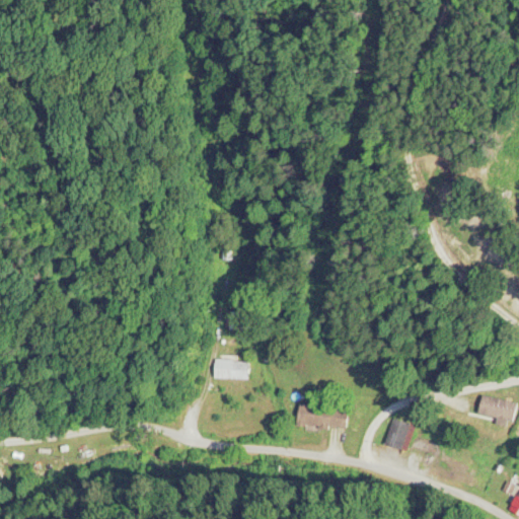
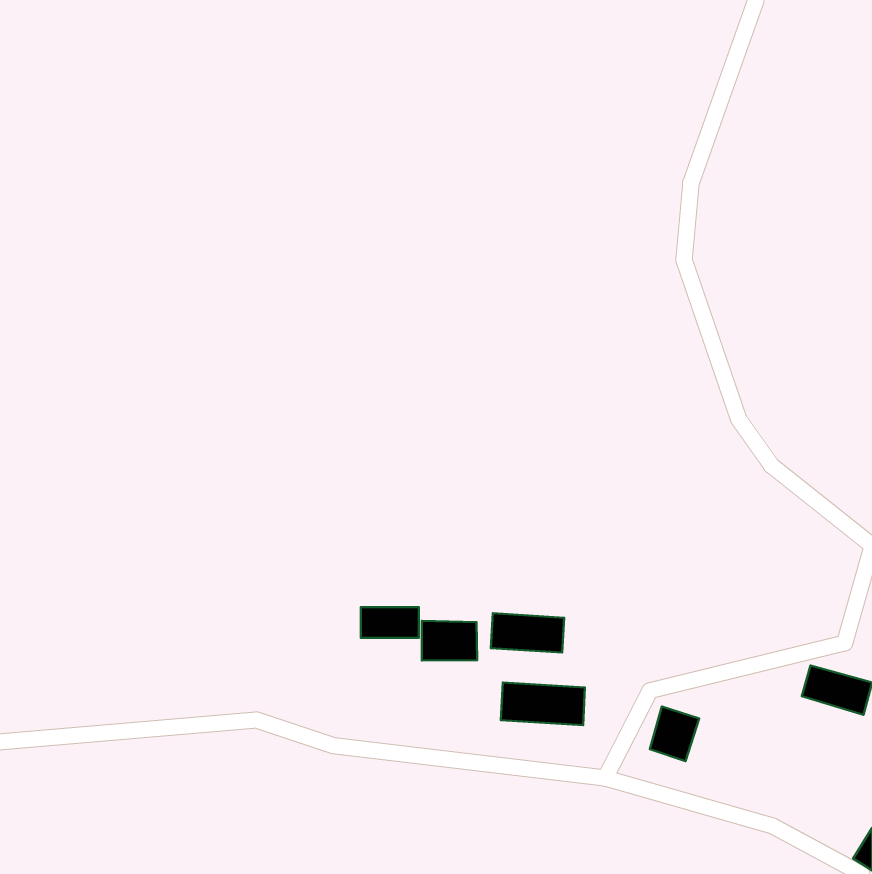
building: none -> [491,613,564,652]
building: none -> [422,621,477,660]

